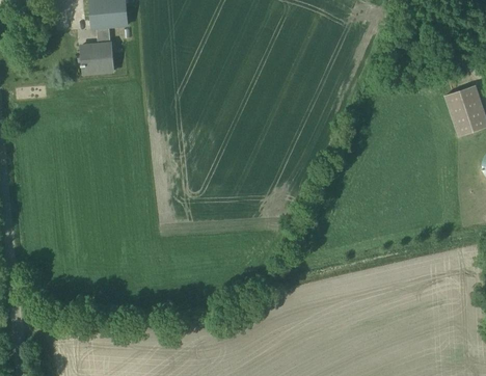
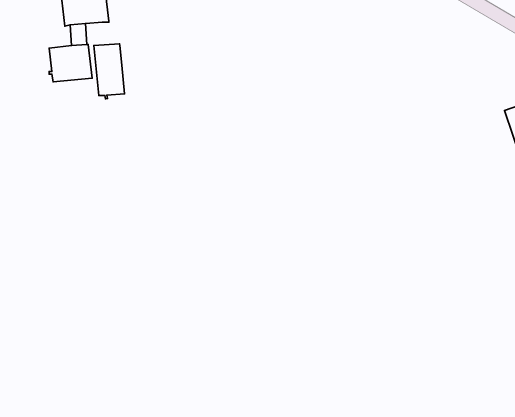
building: none -> [94,44,125,99]

